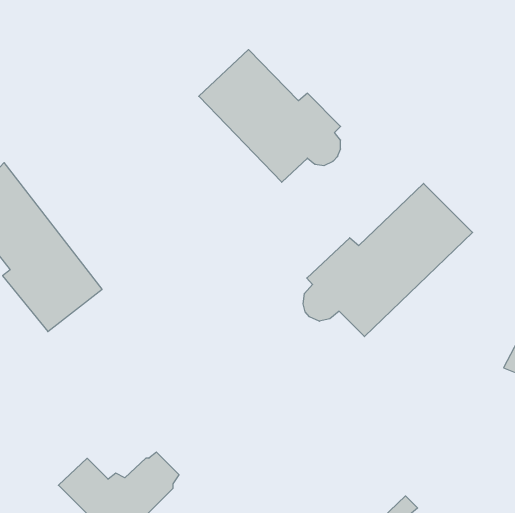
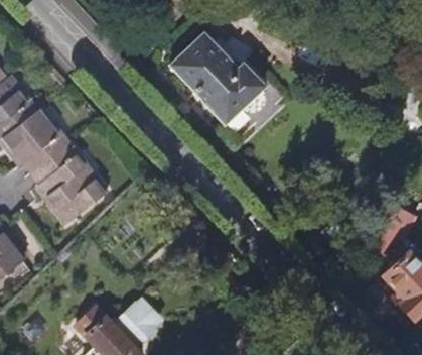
building: [303,183,473,337] -> none

